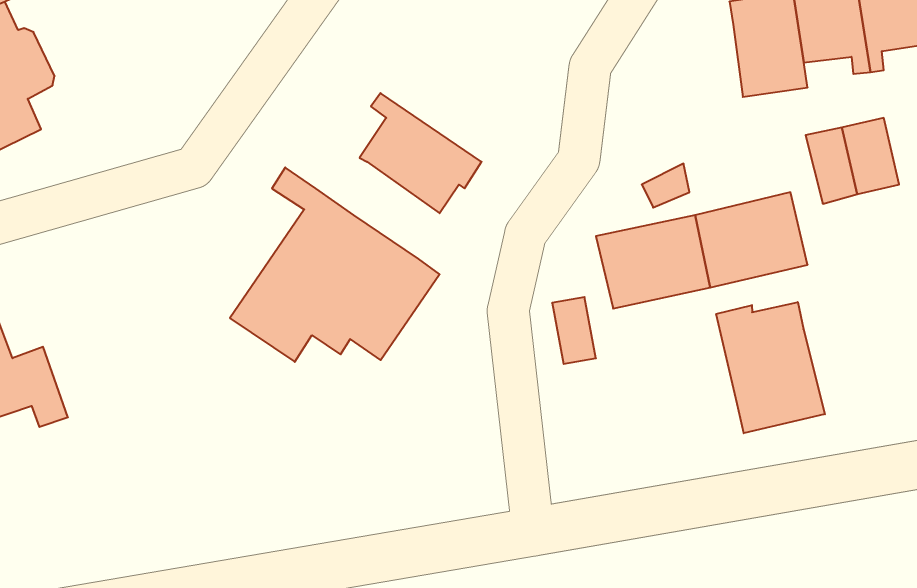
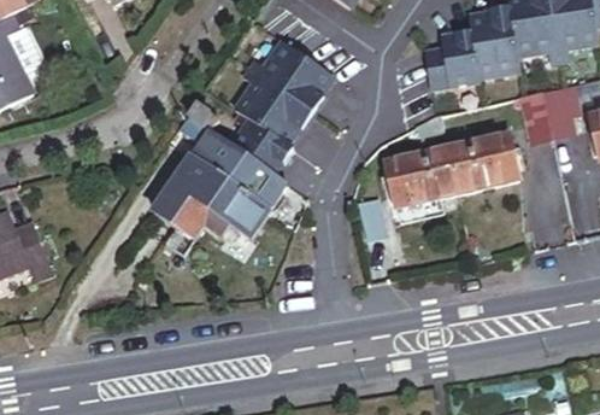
building: none -> [424,27,480,83]
building: none -> [249,43,333,113]
building: none -> [233,113,293,175]
building: [716,302,825,433] -> none

